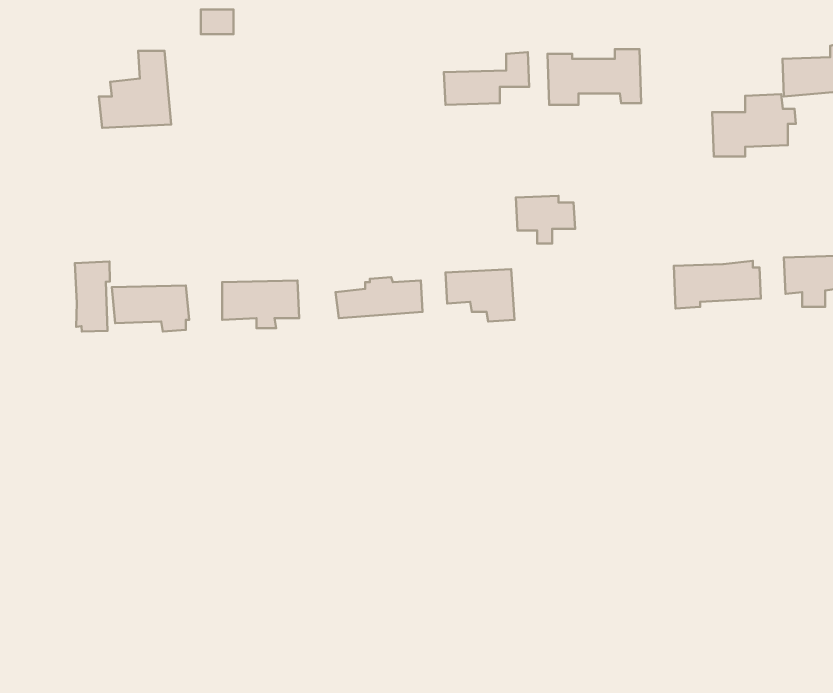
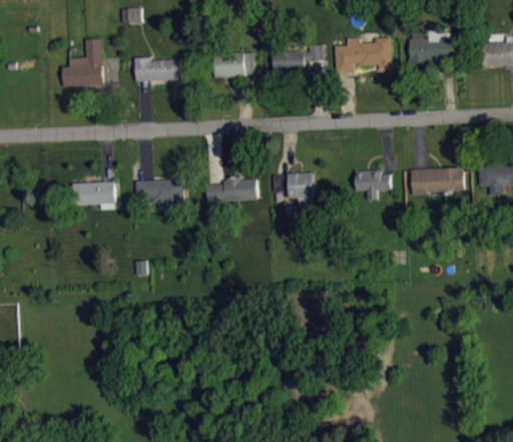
building: none -> [212,52,254,77]
building: none -> [134,57,180,81]
building: [712,94,796,157] -> [409,29,460,67]
building: [516,196,575,244] -> [355,170,391,199]
building: [75,262,110,332] -> none

